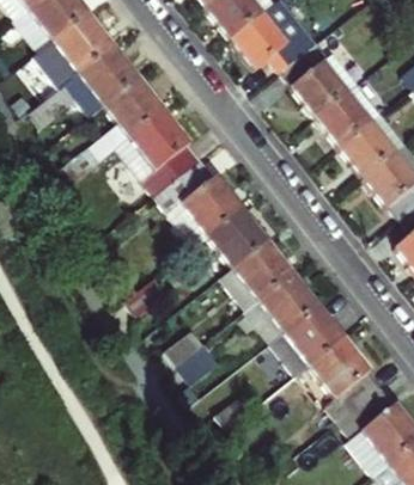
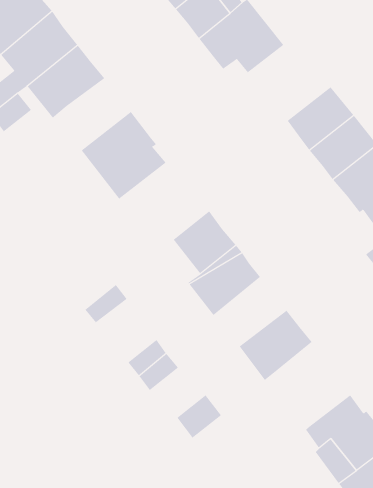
building: [281,42,363,119] -> none
building: [60,78,168,184] -> none
building: [156,160,244,246] -> none
building: [248,271,319,339] -> none
building: [311,334,382,418] -> none

